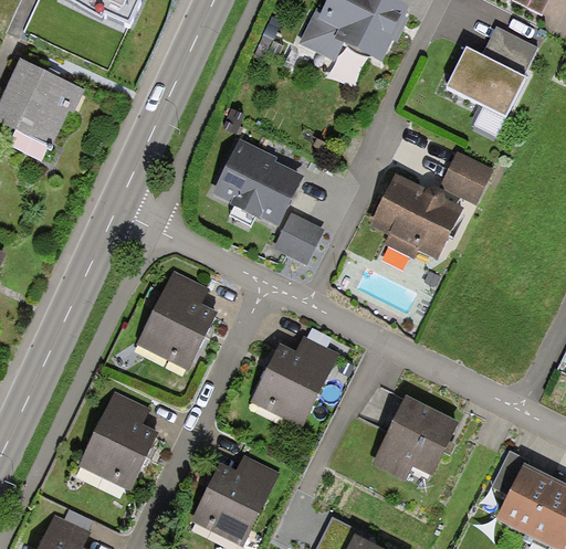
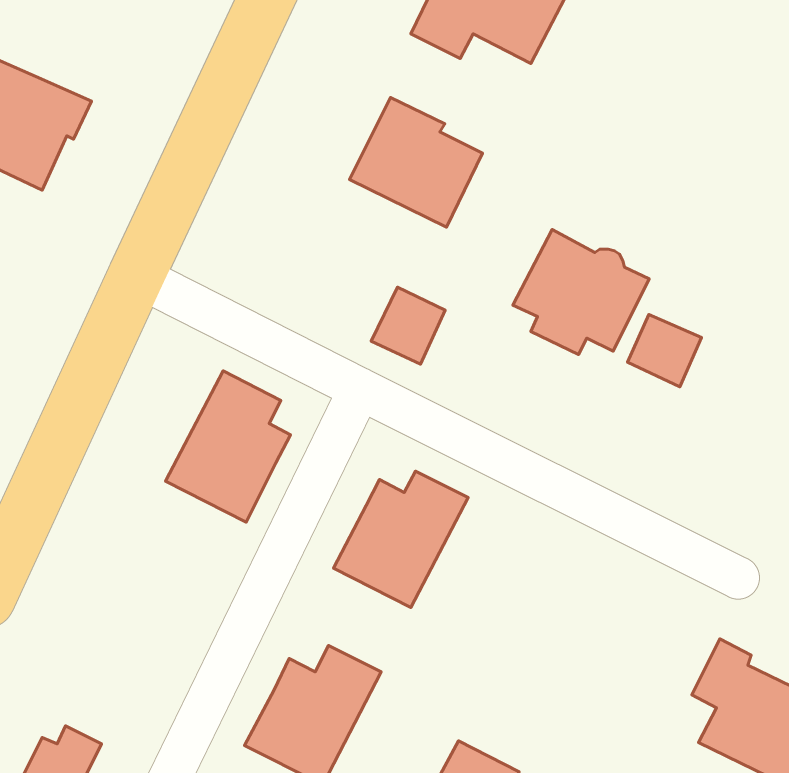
building: [447,28,535,115] -> none
building: [212,139,302,226] -> [349,97,483,227]
building: [441,155,491,203] -> [627,315,701,387]
building: [77,391,159,494] -> none
building: [371,395,460,479] -> none

